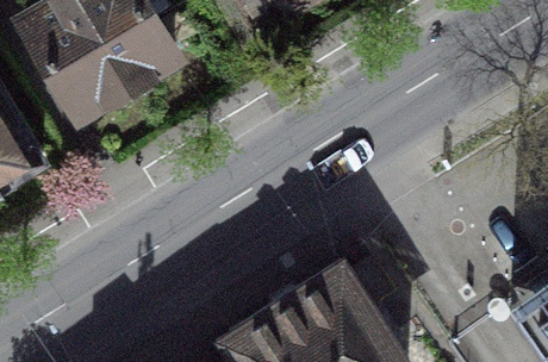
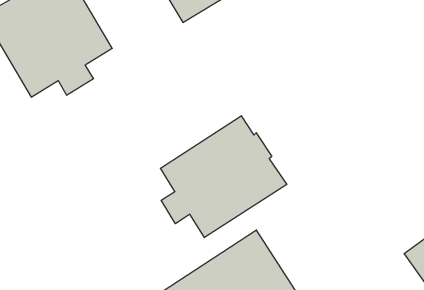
building: none -> [160,116,287,238]

